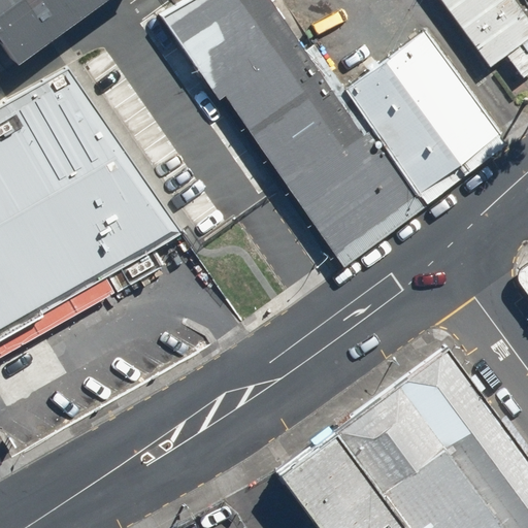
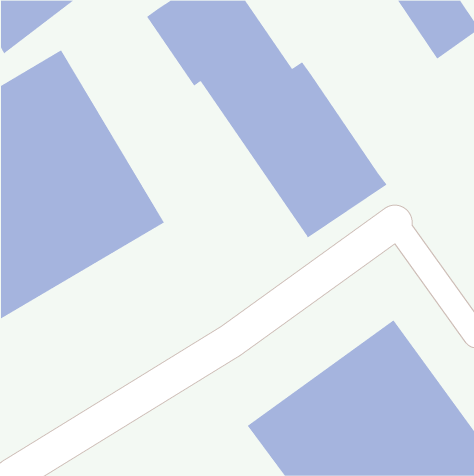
building: [348,30,499,191] -> none

